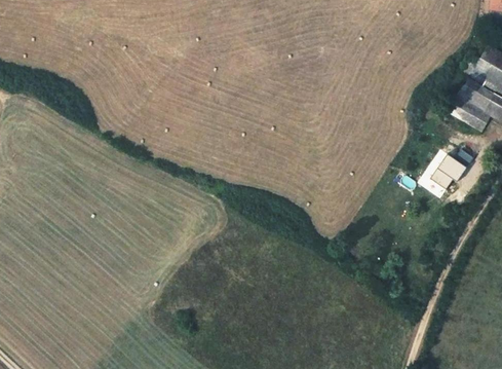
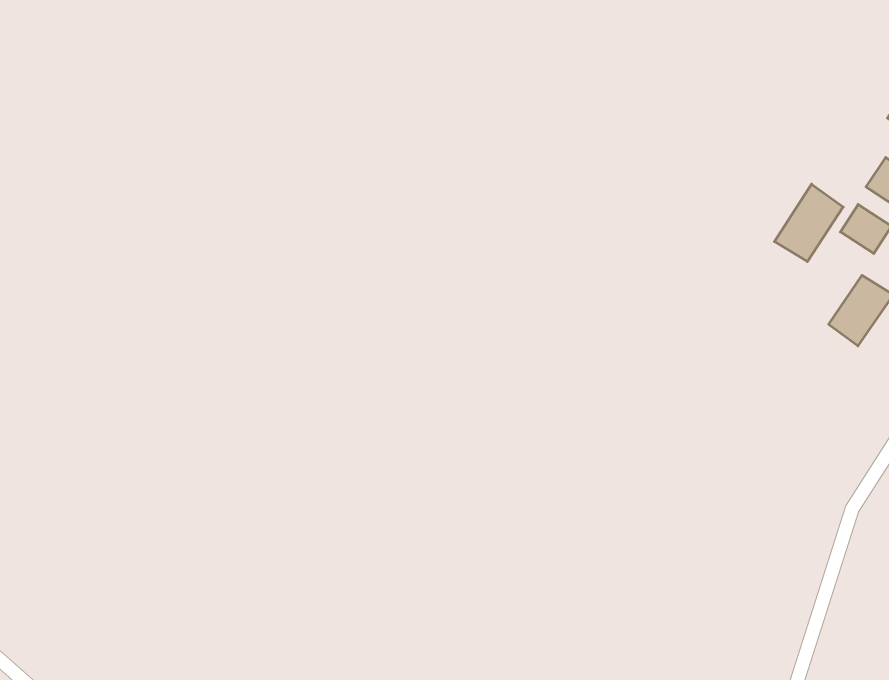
building: none -> [774,184,843,262]

